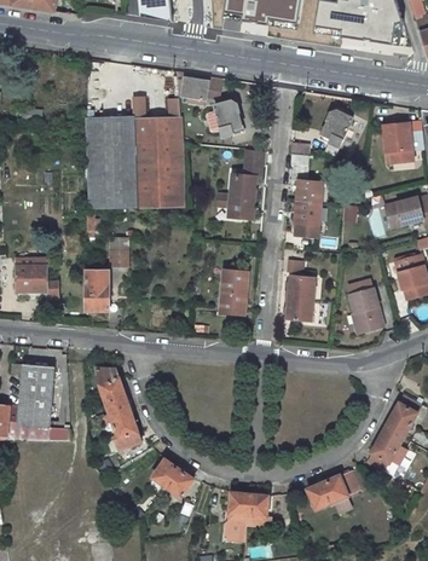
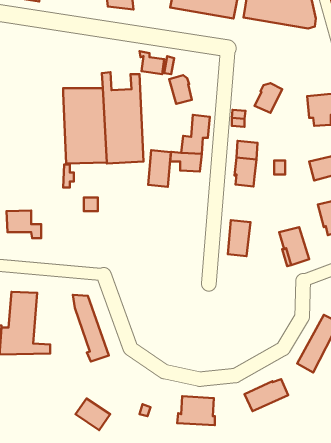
building: [85,270,108,311] -> none
building: [219,270,247,314] -> [148,150,171,187]
building: [151,457,193,496] -> [75,398,110,430]

